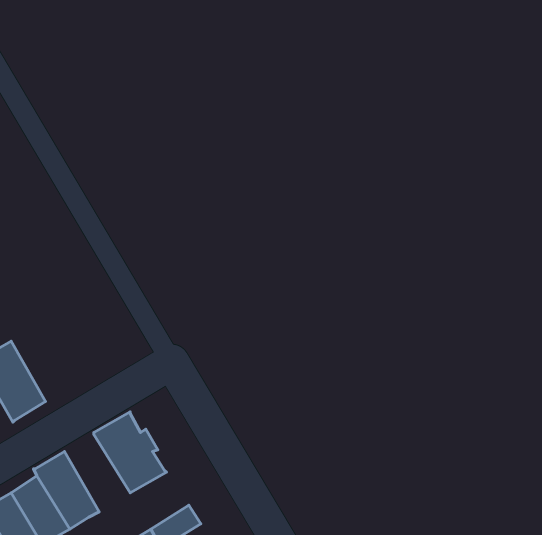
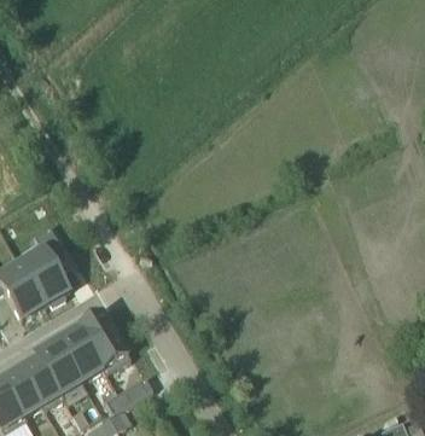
building: none -> [19,228,69,307]
building: none -> [57,330,103,384]

